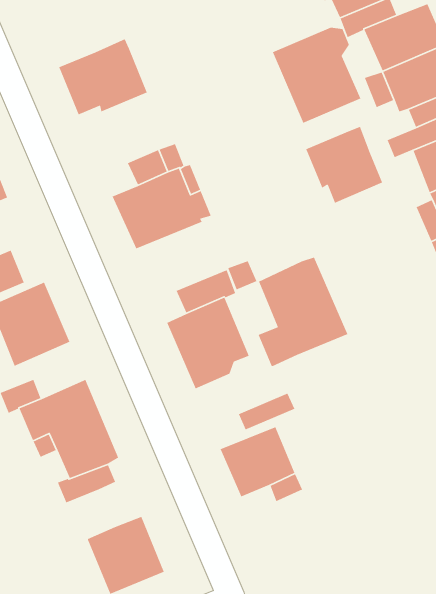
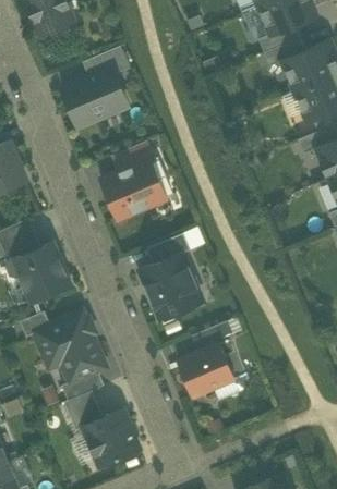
building: none -> [83,48,128,77]
building: [272,27,361,124] -> none
building: [305,126,383,204] -> none
building: [257,257,348,367] -> none
building: none -> [63,391,103,430]

